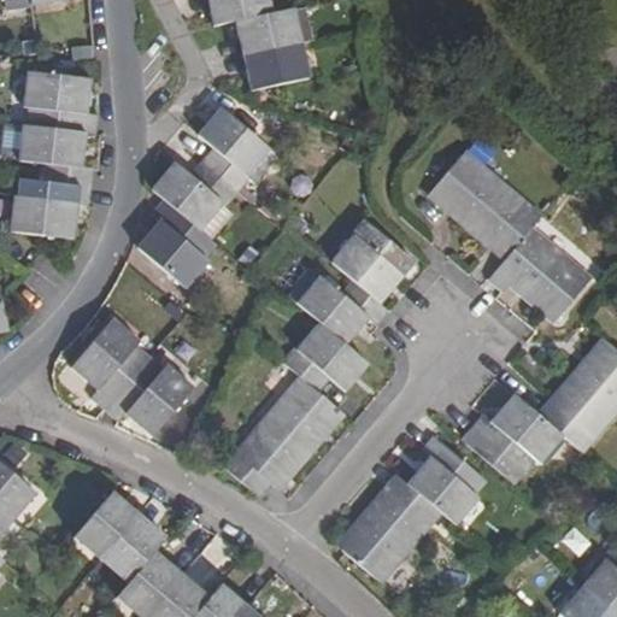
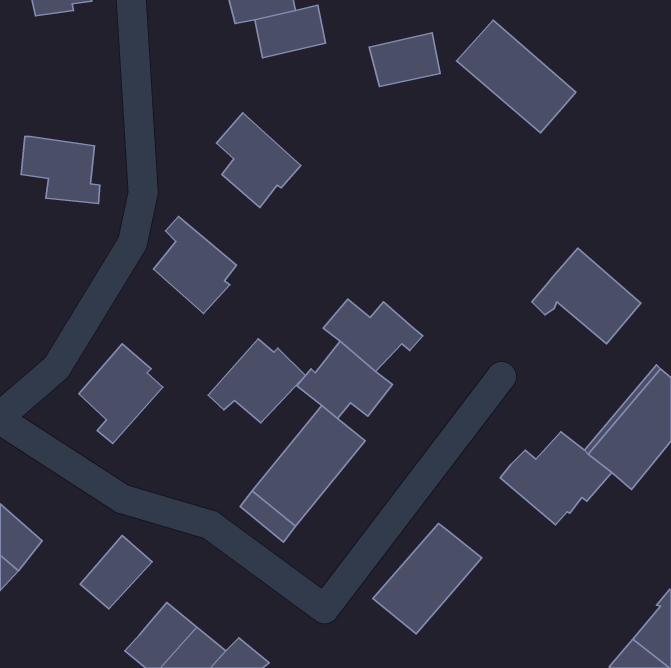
building: [241,40,306,89] -> [369,33,440,87]
building: [25,71,100,135] -> none
building: [430,151,540,254] -> [456,20,576,133]
building: [151,160,239,229] -> none
building: [10,182,90,240] -> none
building: [333,217,404,301] -> none
building: [104,355,193,433] -> [208,339,305,423]
building: [407,435,487,523] -> none
building: [100,516,166,583] -> none

